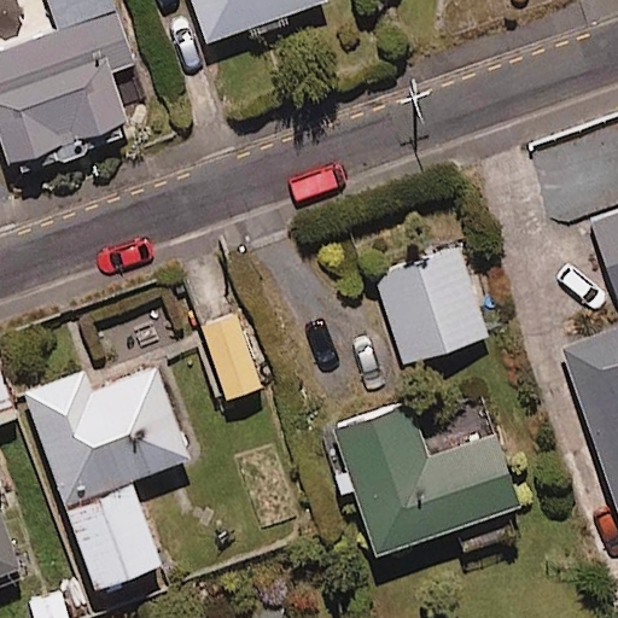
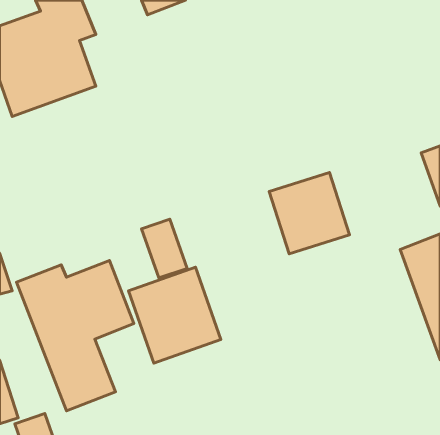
building: none -> [129,267,221,363]
building: [331,392,520,547] -> none

